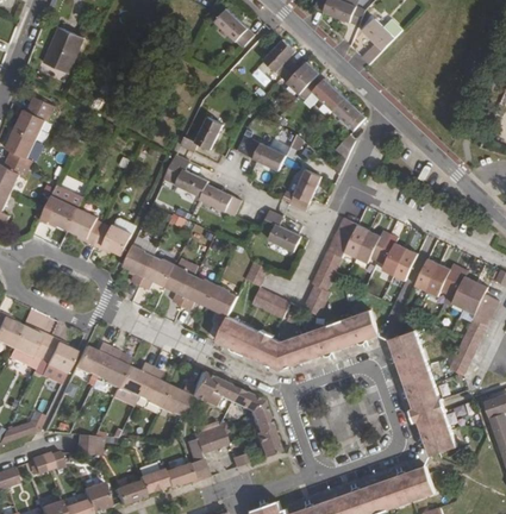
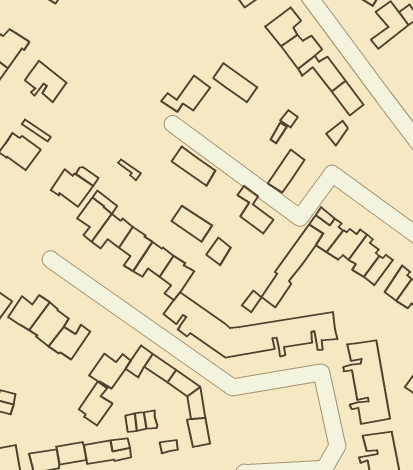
building: none -> [25,61,67,102]
building: [243,138,285,170] -> [213,63,257,102]
building: [163,156,206,196] -> none
building: [65,208,101,244] -> none
building: [250,288,288,318] -> [171,206,212,242]
building: [137,366,167,407] -> [79,381,112,426]

